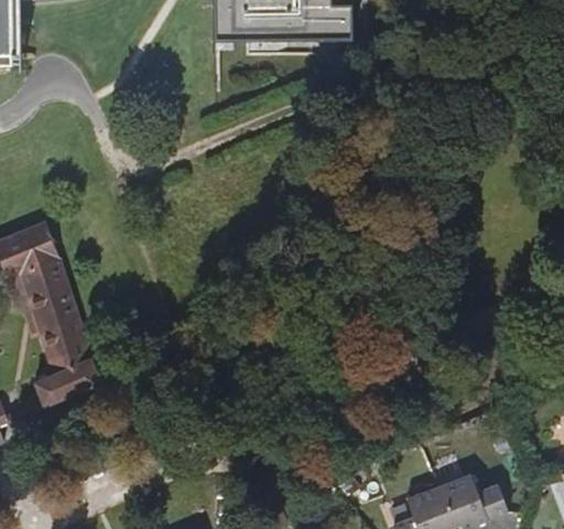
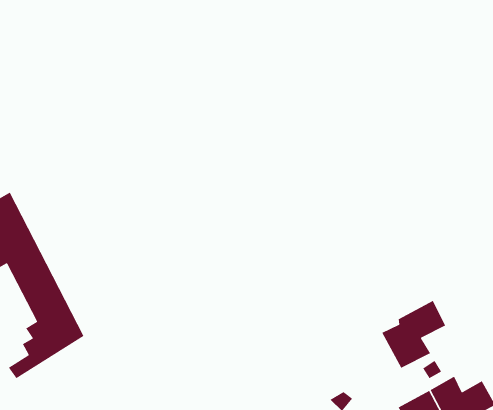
building: none -> [381,300,446,369]

